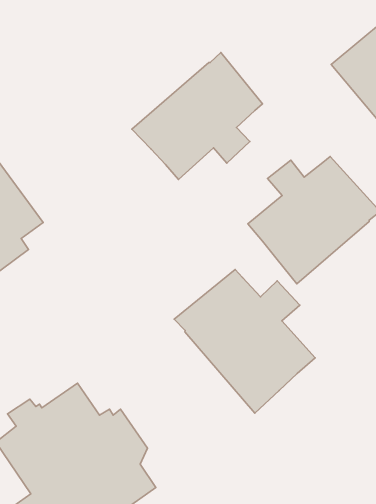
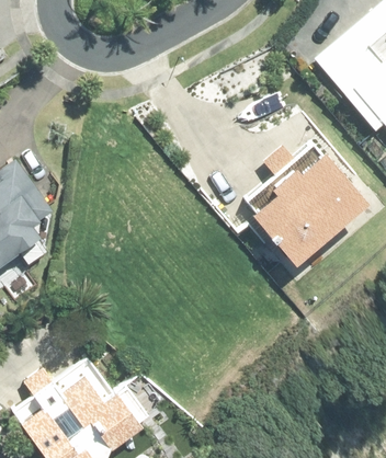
building: [132,52,263,180] -> none
building: [174,269,315,413] -> none

